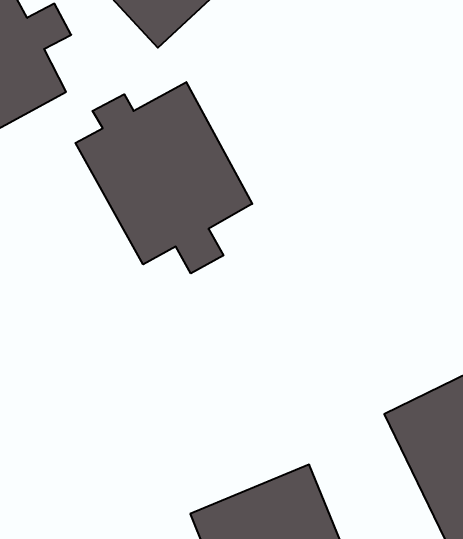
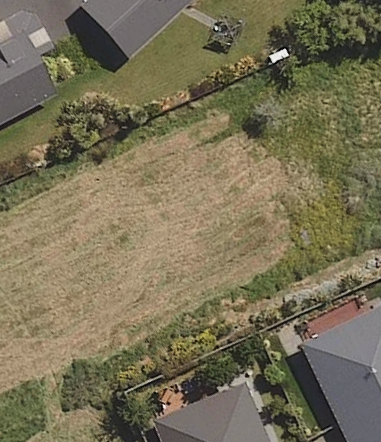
building: [75,82,252,273] -> none

